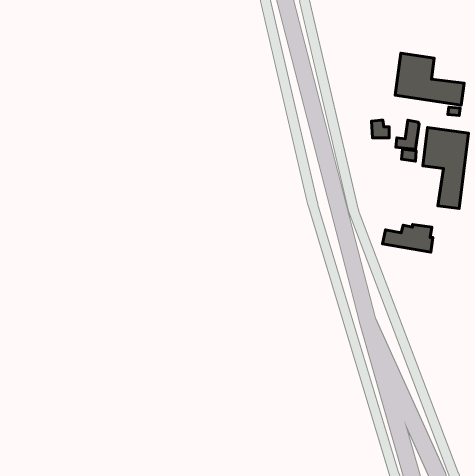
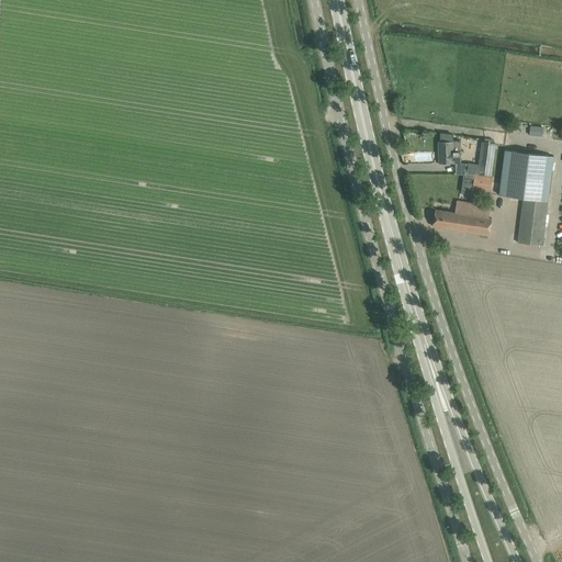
building: [395,53,464,105] -> none
building: [383,224,433,252] -> [431,203,491,236]

